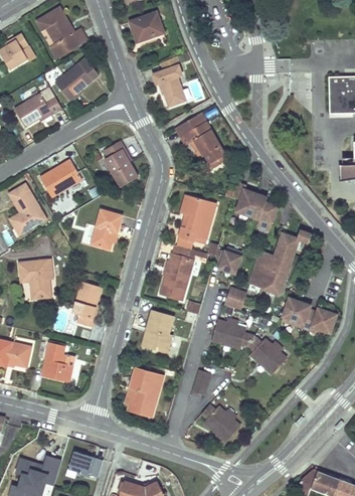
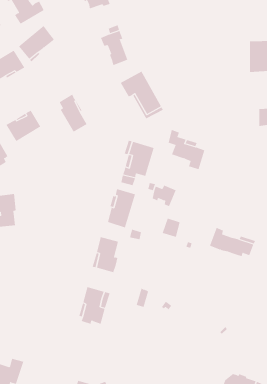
building: [91,209,122,249] -> none
building: [249,230,311,294] -> none
building: [72,281,101,327] -> none
building: [211,320,287,374] -> none
building: [41,343,73,382] -> none
building: [202,405,240,443] -> none
building: [66,450,102,477] -> none

